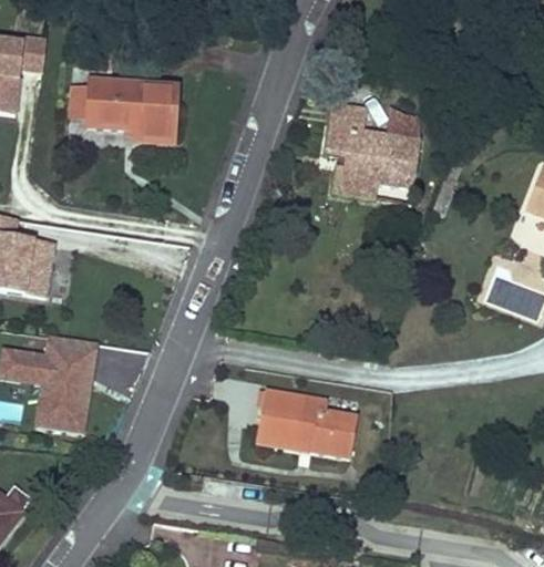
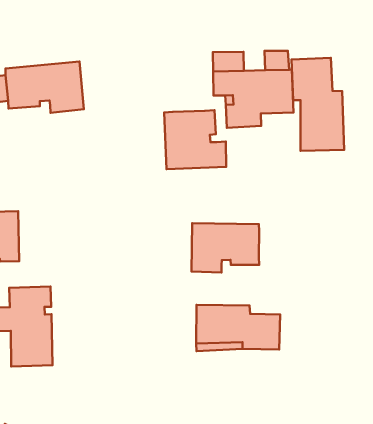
building: none -> [292,58,344,151]
building: none -> [164,110,226,169]
building: none -> [192,223,259,273]

